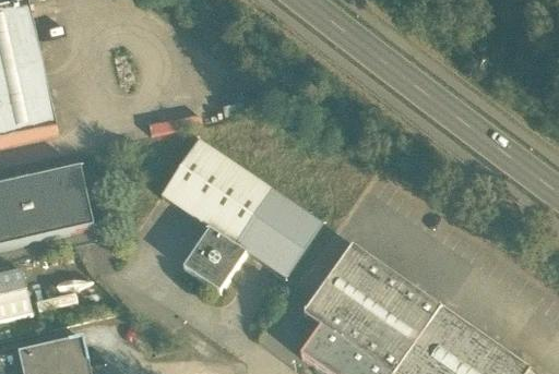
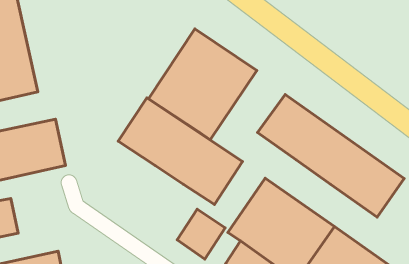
building: none -> [148,29,257,140]
building: none -> [258,95,404,217]
building: [182,226,245,290] -> [177,209,225,259]

